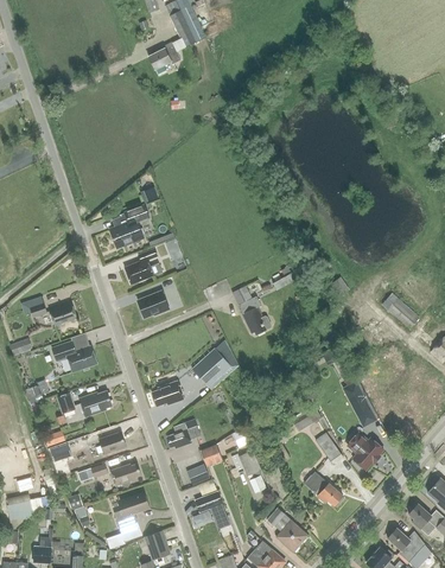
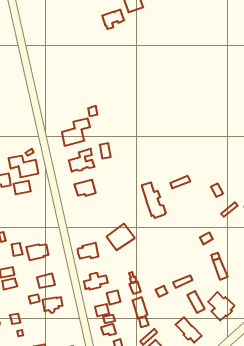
building: [52,340,97,371] -> [8,156,38,177]
building: [113,492,147,528] -> none

